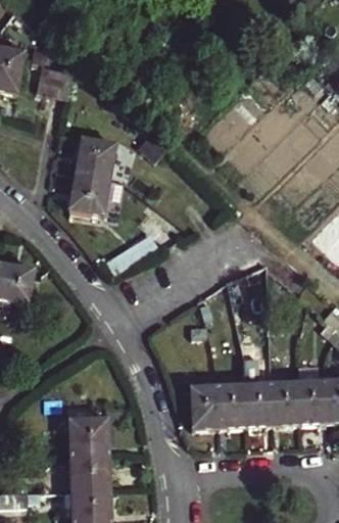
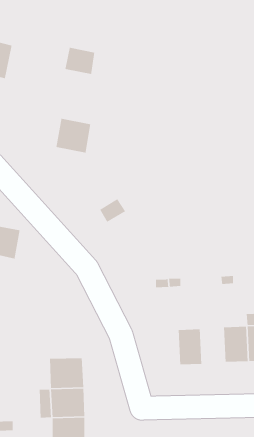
building: [37,65,72,98] -> [65,47,95,75]
building: [68,173,110,216] -> none
building: [243,356,273,426] -> none
building: [189,385,220,428] -> none

